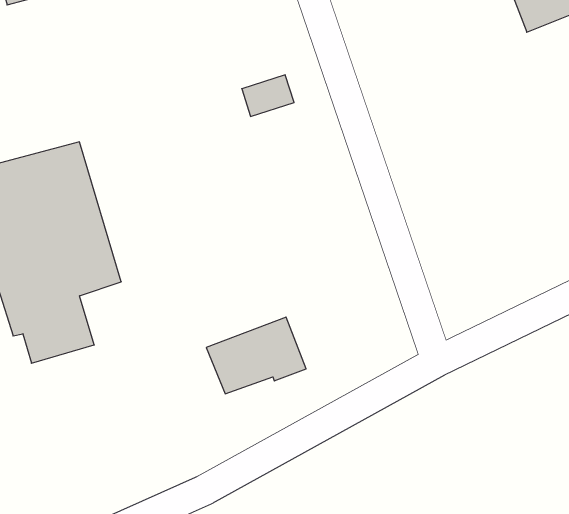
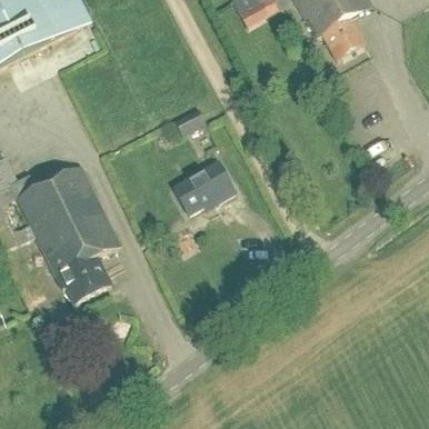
building: [206,317,306,394] -> [172,160,233,211]

